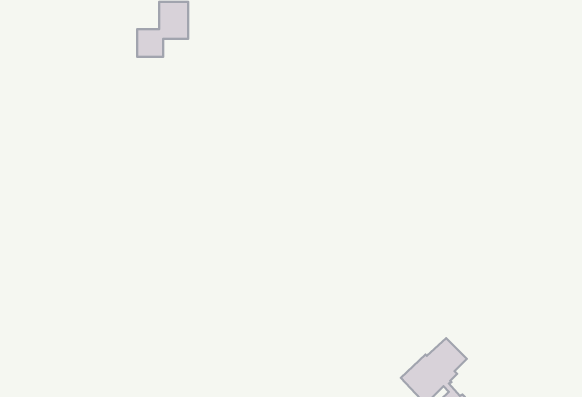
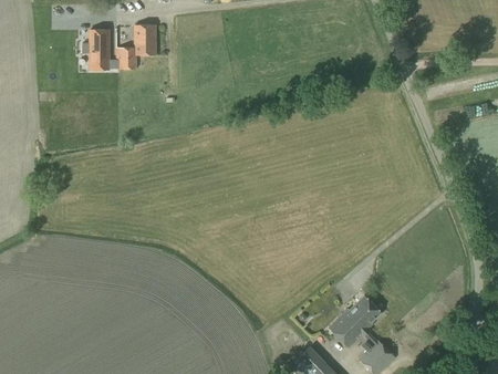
building: none -> [83,29,117,70]

